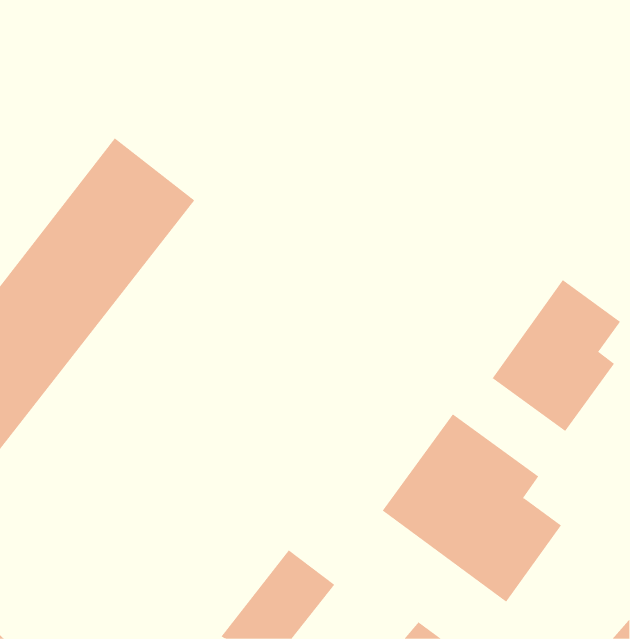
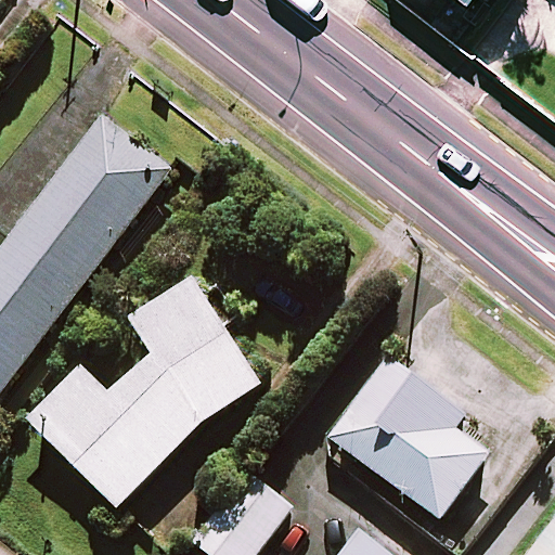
building: [492,279,621,432] -> none
building: none -> [29,274,262,507]

